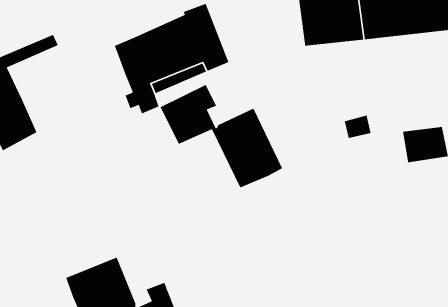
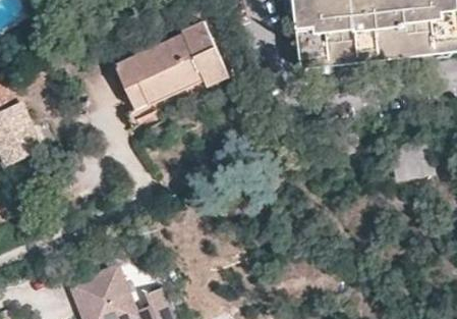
building: [159,84,283,189] -> none

